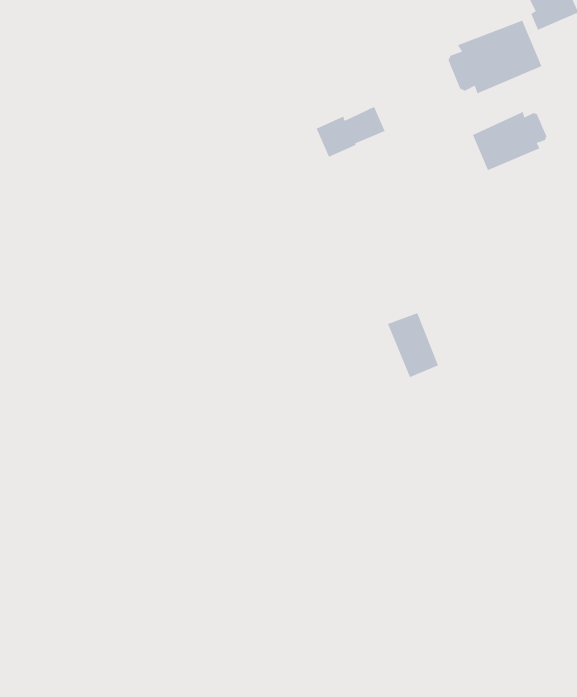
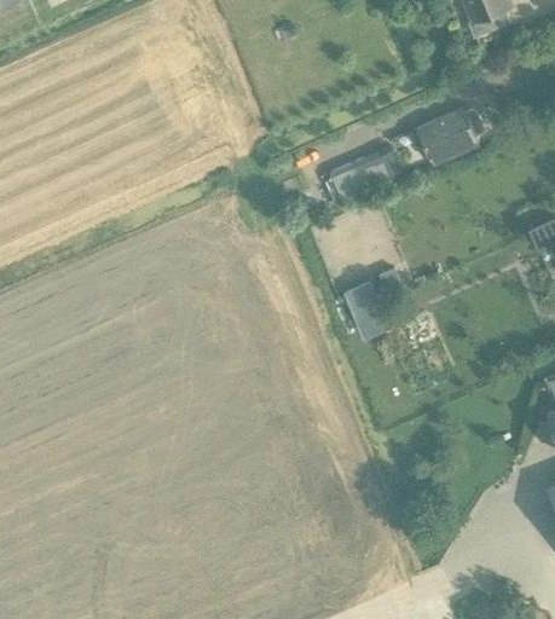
building: [448,20,542,94] -> none
building: [316,106,386,158] -> [331,157,392,202]

